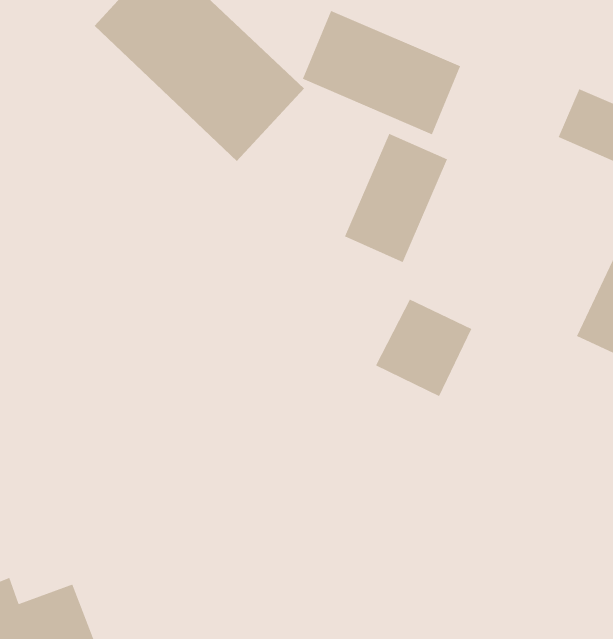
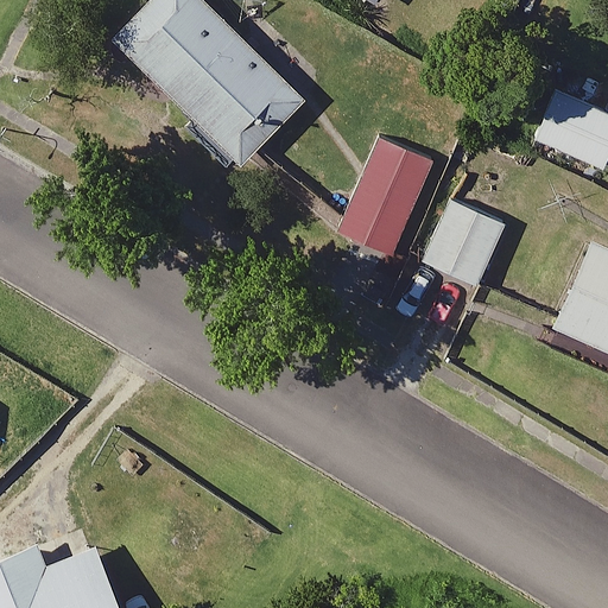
building: [302,10,461,135] -> none
building: [375,299,472,397] -> [418,198,506,287]

